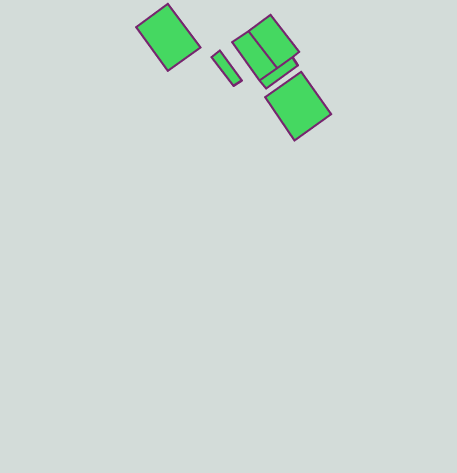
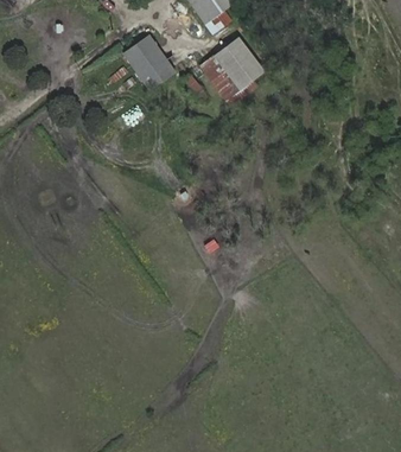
building: [265,72,331,141] -> none

